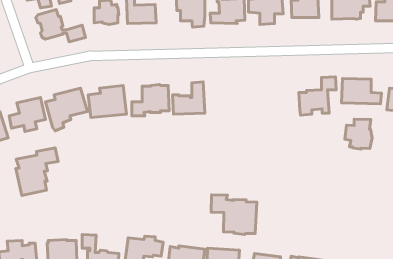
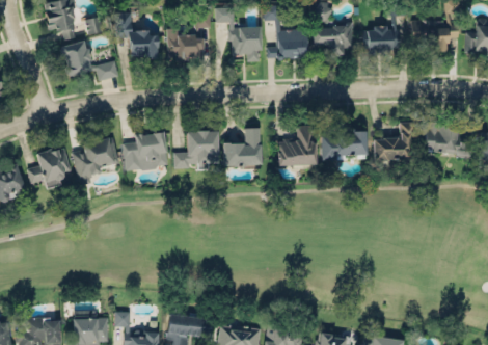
building: none -> [278,126,316,166]
building: none -> [321,130,367,160]
building: [345,119,372,149] -> none
building: [16,148,58,196] -> none
building: [211,195,257,234] -> none

